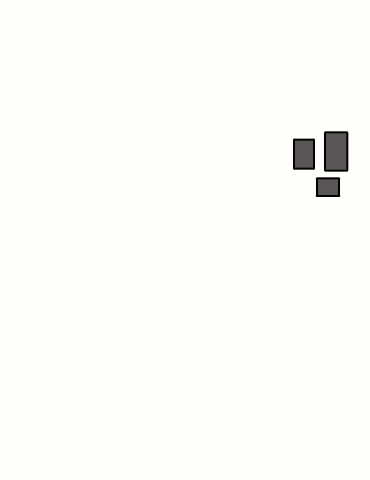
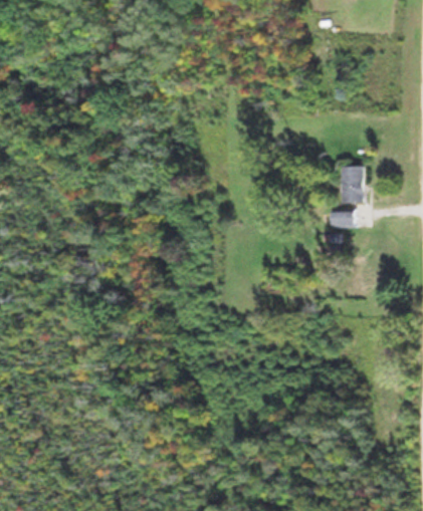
building: [294,139,314,169] -> none

